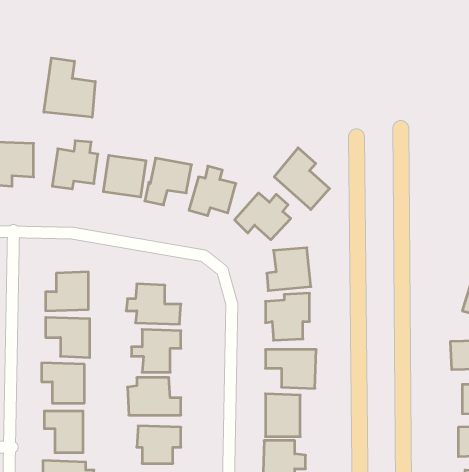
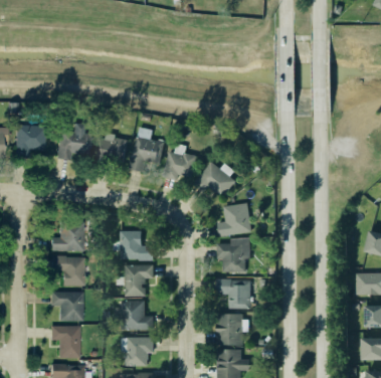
building: [44,58,95,117] -> none
building: [274,148,330,210] -> none

